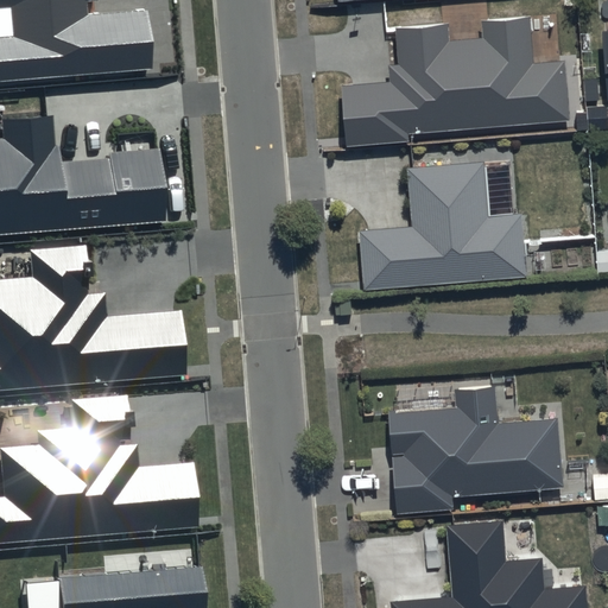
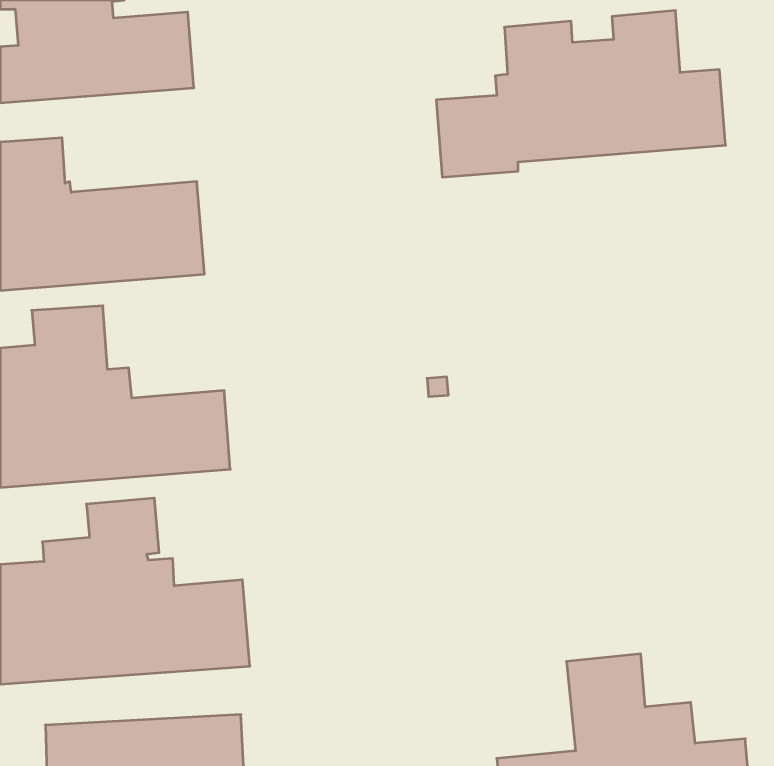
building: [359,162,527,290] -> none
building: [388,387,564,513] -> none

